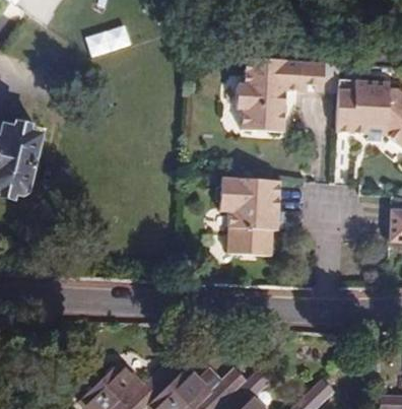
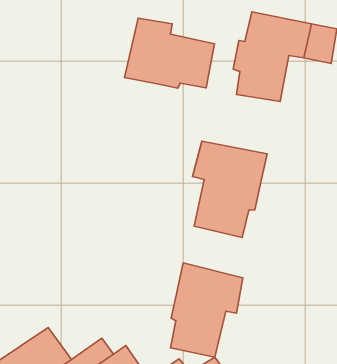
building: none -> [125,18,215,88]
building: none -> [170,263,243,357]

